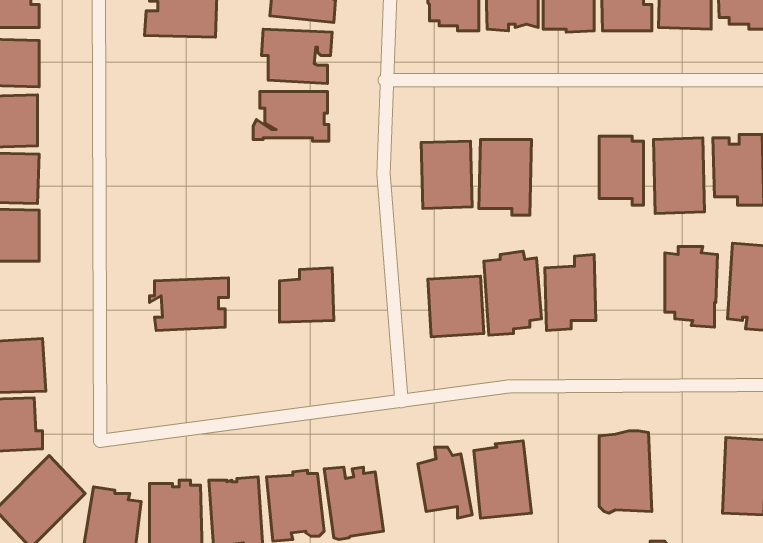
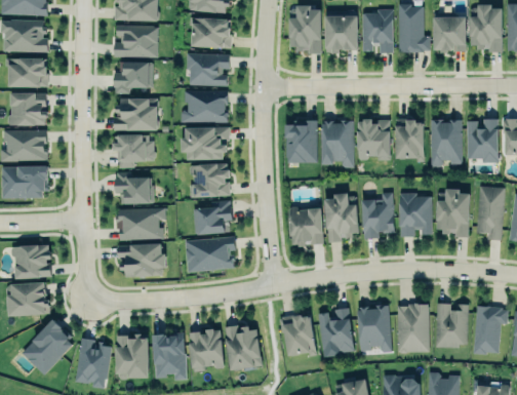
building: none -> [114,61,153,93]
building: none -> [114,97,158,129]
building: none -> [357,121,390,161]
building: none -> [182,126,229,159]
building: none -> [113,135,153,167]
building: none -> [190,164,230,198]
building: none -> [115,173,153,205]
building: none -> [399,193,432,237]
building: none -> [185,238,235,273]
building: none -> [117,242,166,277]
building: none -> [433,303,470,350]
building: none -> [357,306,391,353]

